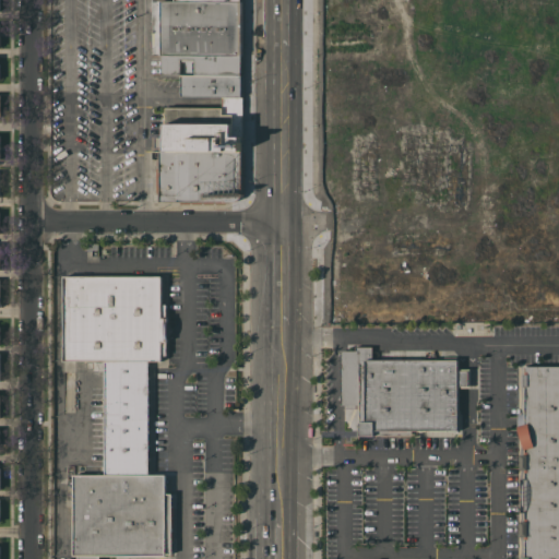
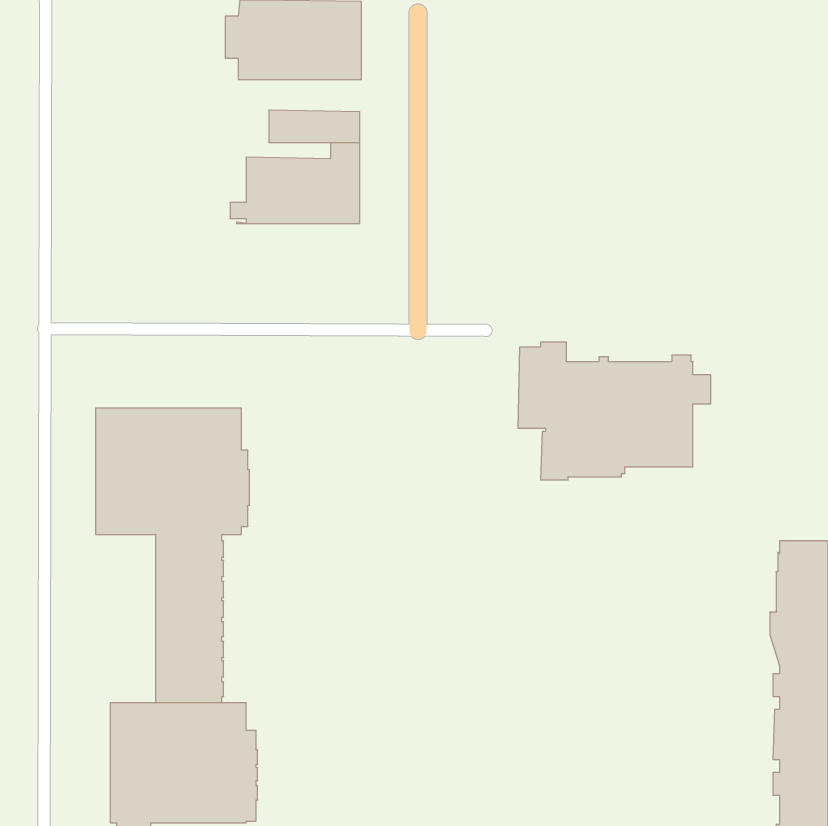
building: [160,55,243,76] -> none
building: [156,152,245,204] -> none
building: [341,347,471,440] -> [518,342,711,480]

